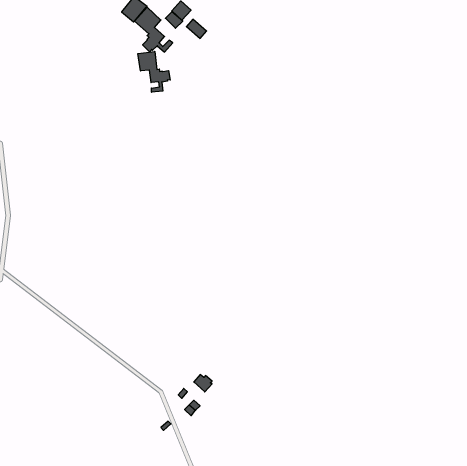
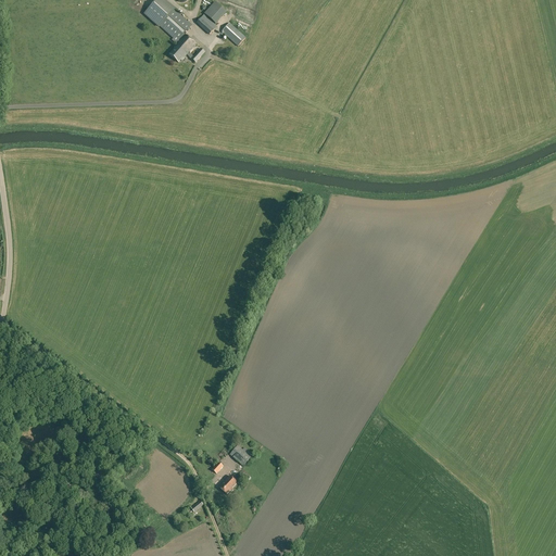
building: [138,51,170,92] -> none

